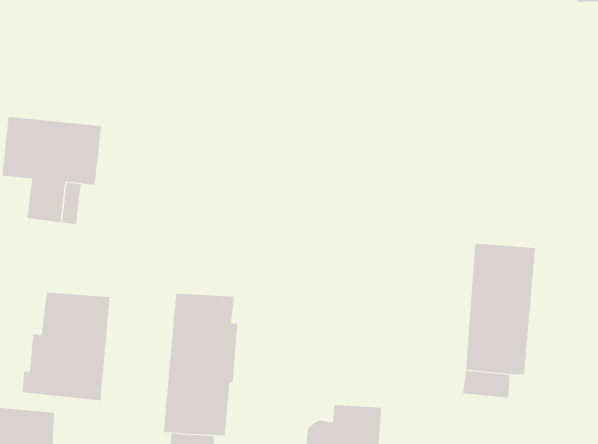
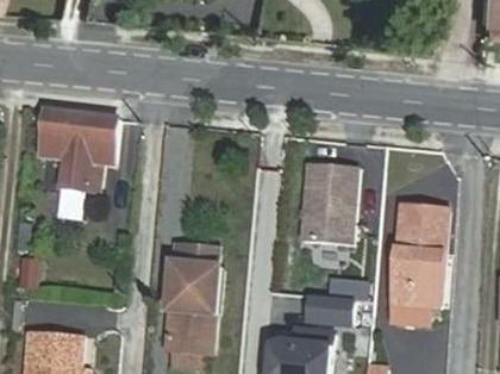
building: none -> [300,162,356,243]
building: [22,292,110,401] -> none
building: none -> [307,294,352,323]

